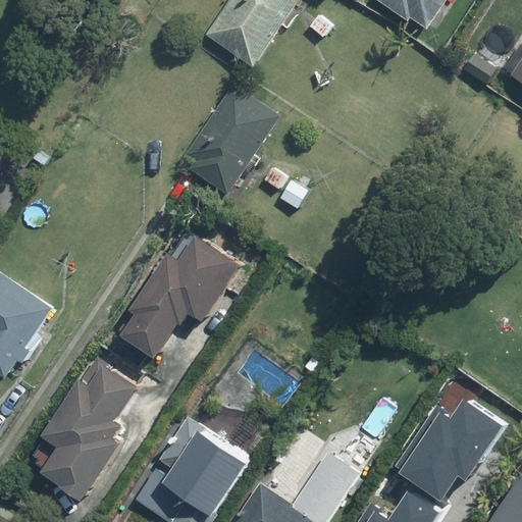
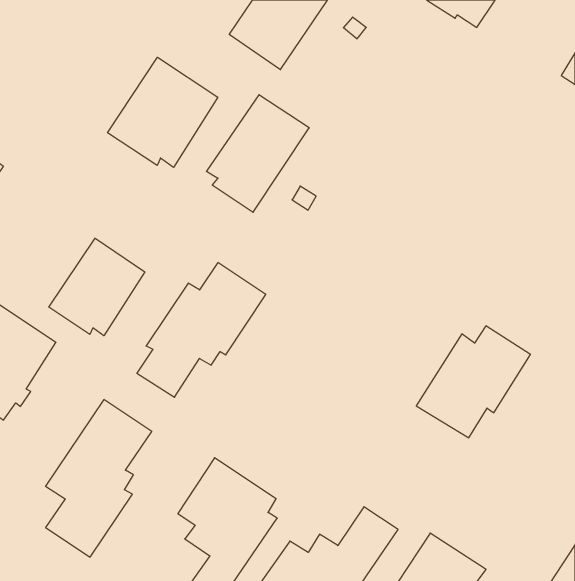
building: none -> [108,57,218,167]
building: none -> [49,238,145,336]
building: [401,397,503,497] -> [416,326,530,438]

